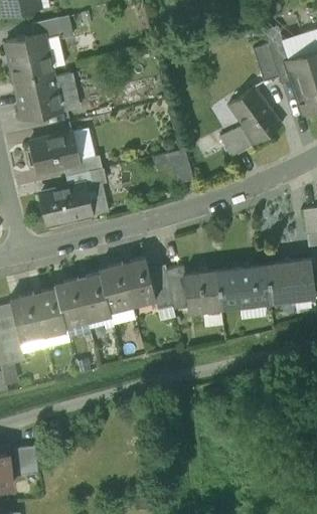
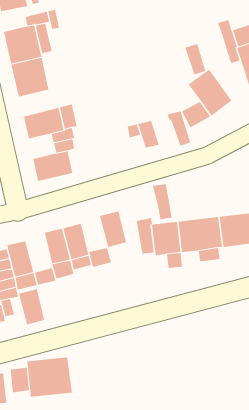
building: [253,43,279,81] -> [185,43,206,75]
building: [54,72,80,111] -> none
building: none -> [167,110,191,147]
building: [85,167,108,213] -> none
building: [100,263,132,306] -> none
building: [149,269,173,312] -> [152,184,172,220]
building: [33,287,65,331] -> [18,288,45,325]
building: none -> [27,356,73,397]

